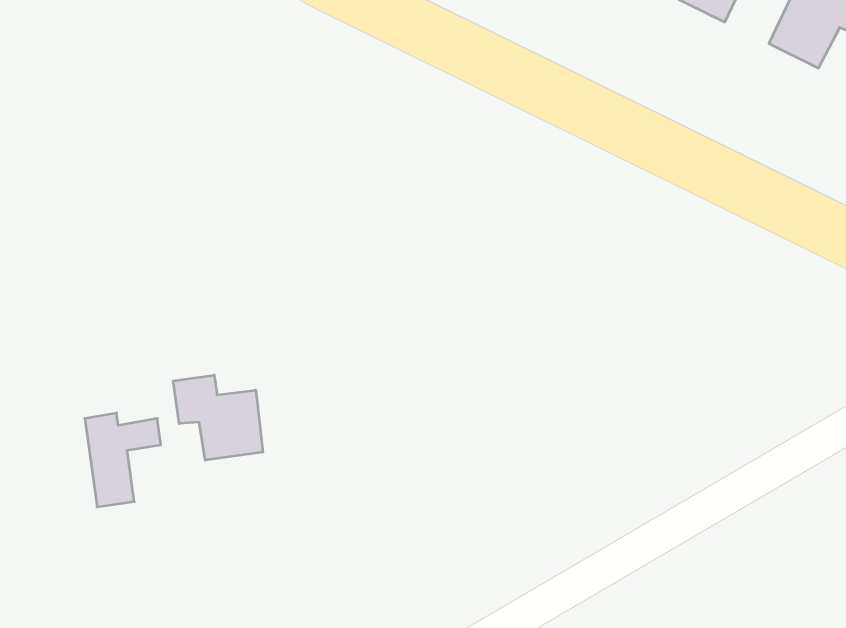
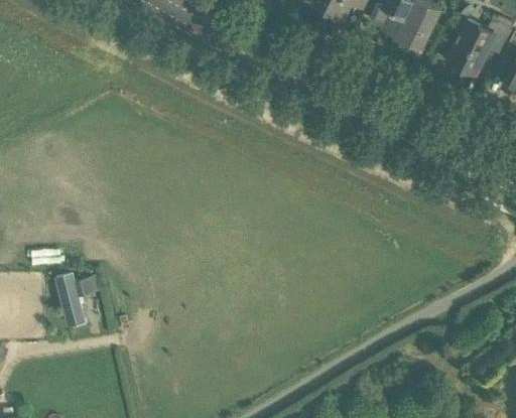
building: [173,375,263,460] -> none

